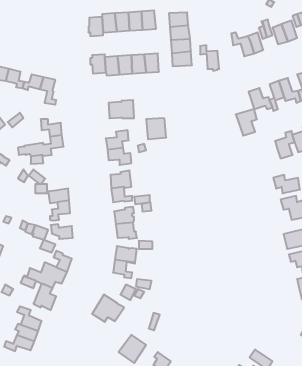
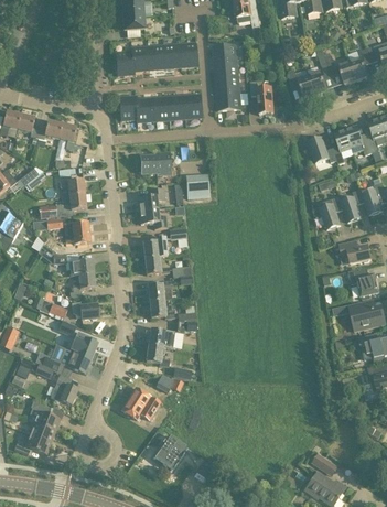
building: [236,109,257,136] -> [318,196,343,228]
building: none -> [63,220,89,242]

